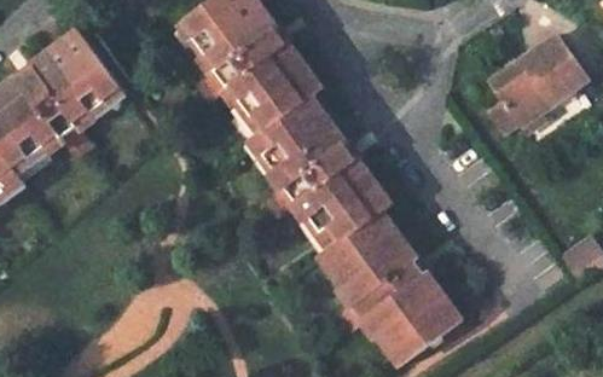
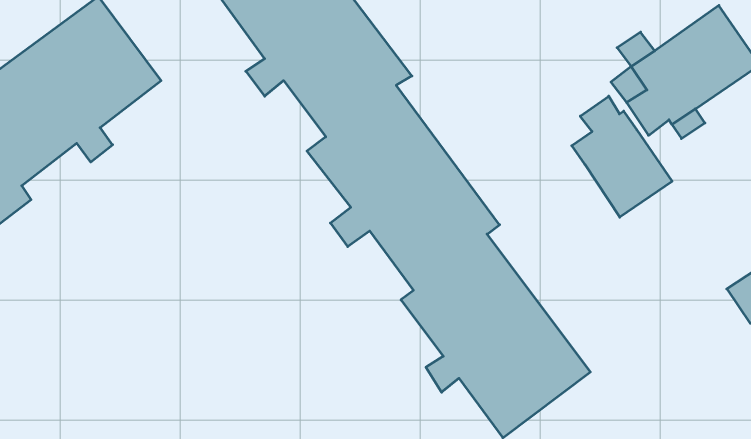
building: none -> [572,96,672,217]

